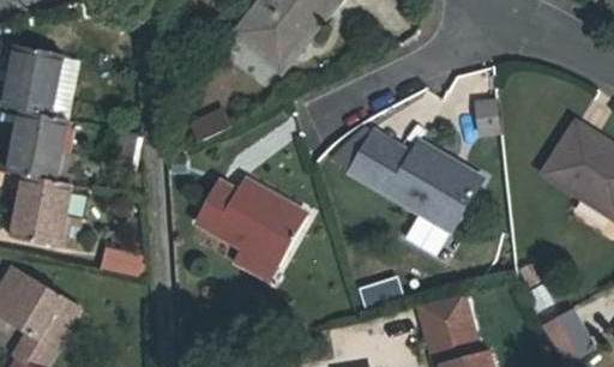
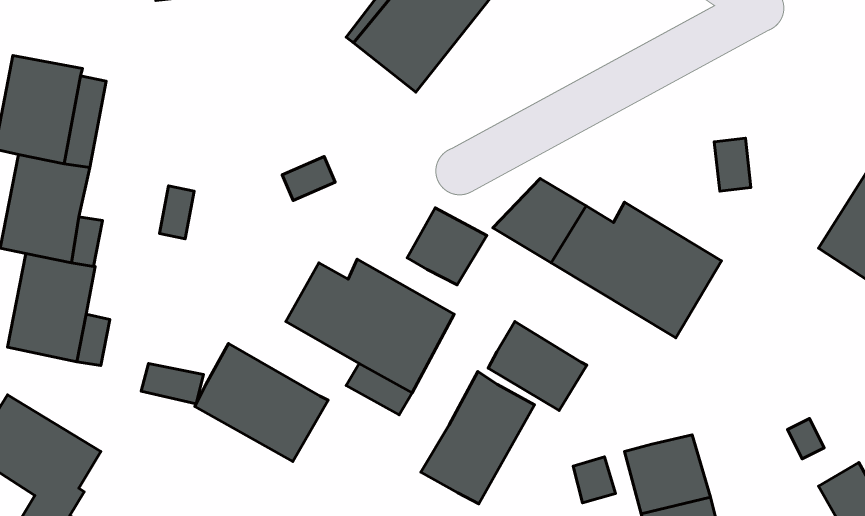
building: none -> [407,208,487,285]
building: none -> [488,322,587,411]
building: none -> [195,344,328,462]
building: none -> [421,372,534,504]

